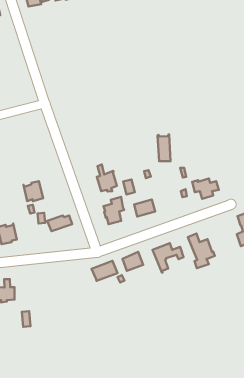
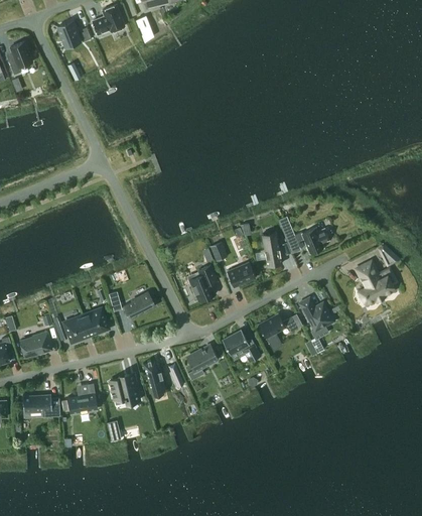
building: [158,135,171,161] -> [261,232,281,266]
building: [97,165,117,192] -> none
building: [24,181,43,201] -> [82,308,108,335]
building: none -> [142,360,163,397]
building: none -> [108,373,137,403]

